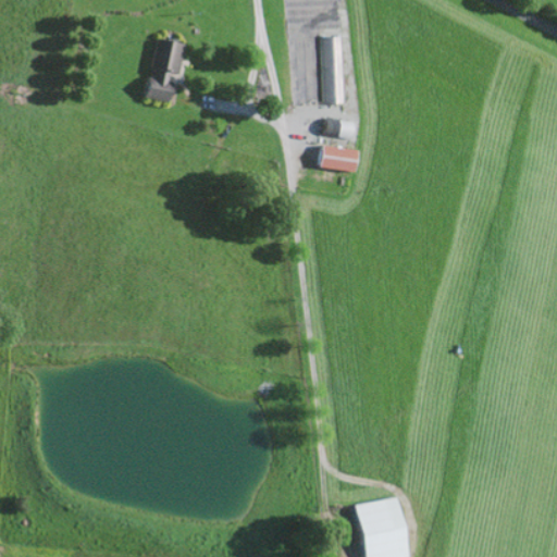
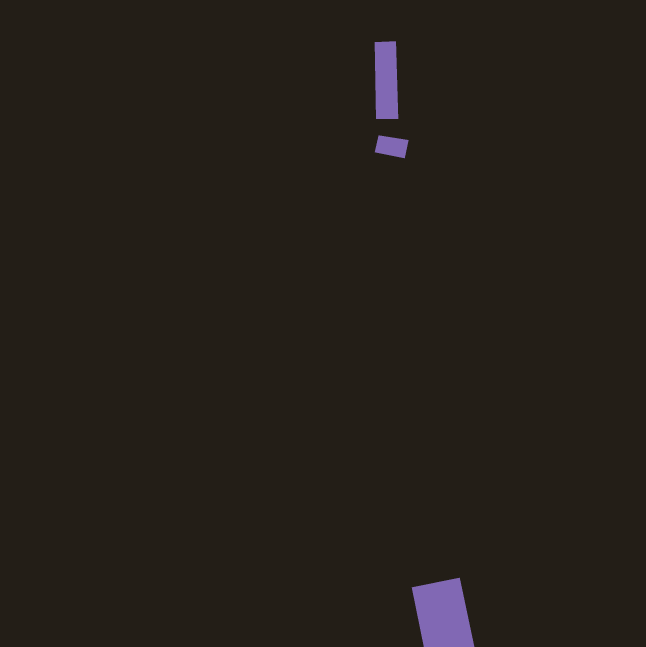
building: [146,38,186,102] -> none
building: [321,145,358,171] -> none

